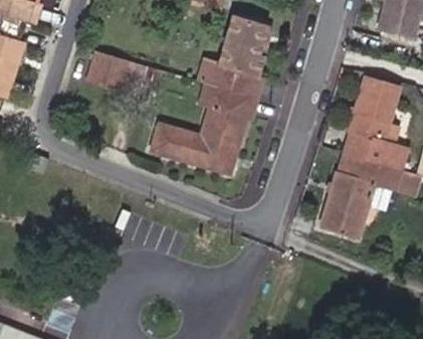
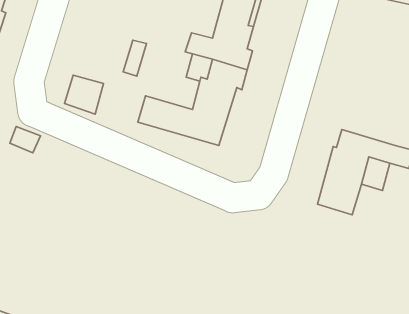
building: [88,53,126,91] -> [65,75,103,114]
building: [344,70,401,171] -> none

